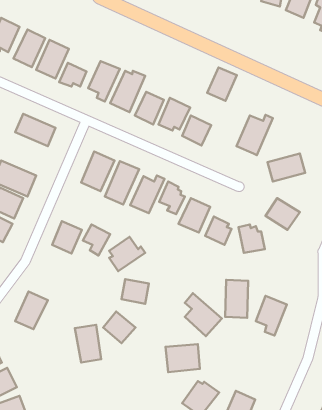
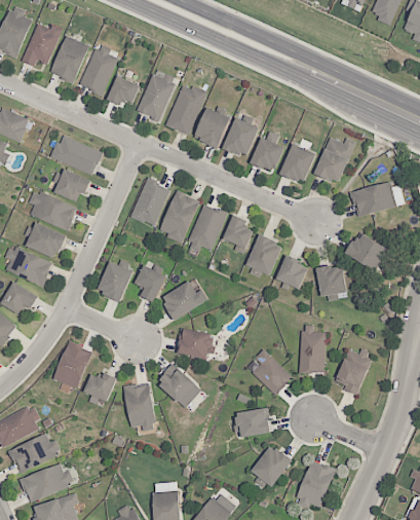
building: [207,67,237,101] -> [279,145,314,184]
building: none -> [54,170,85,200]
building: none -> [84,373,117,401]

